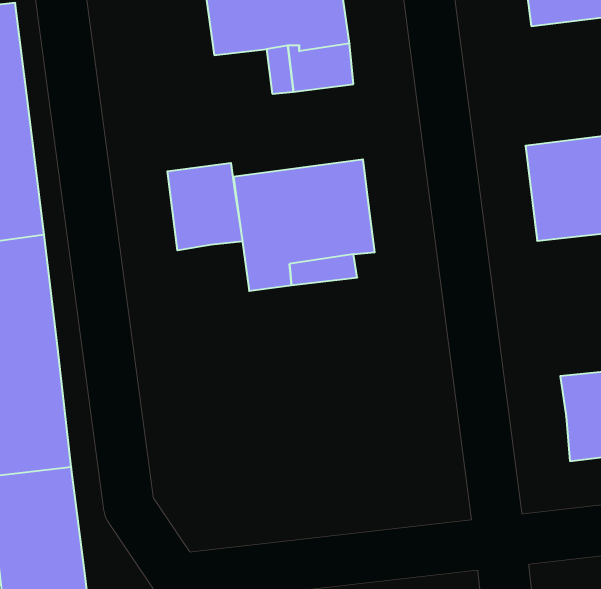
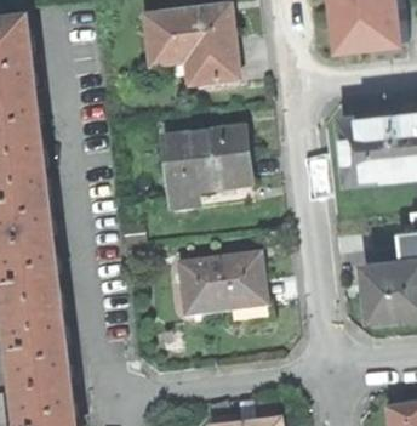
building: [167,163,242,250] -> none
building: none -> [178,252,263,312]

